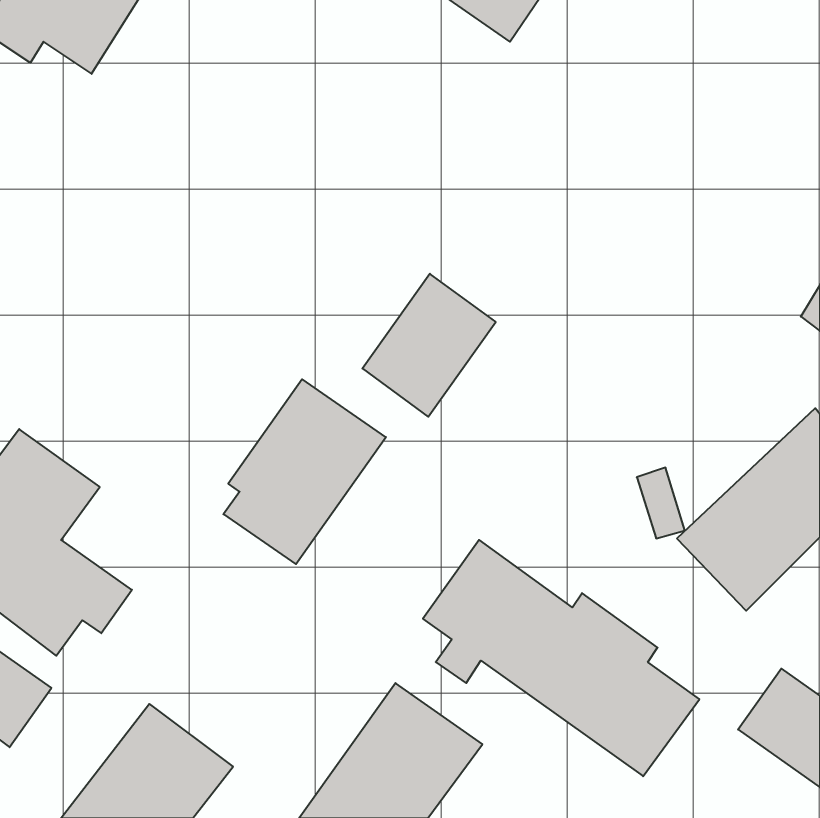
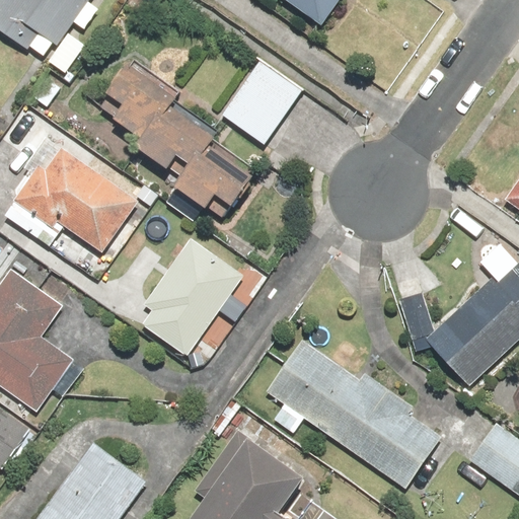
building: none -> [104,63,252,210]
building: none -> [4,144,137,251]
building: [362,274,496,417] -> [222,56,306,146]

